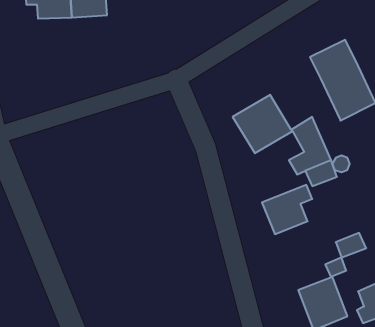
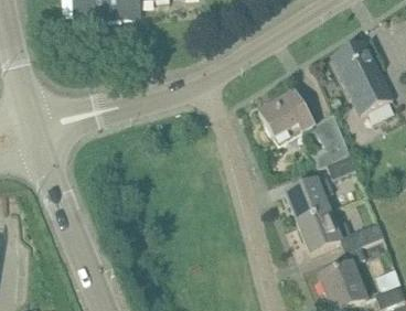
building: none -> [298,211,353,254]

